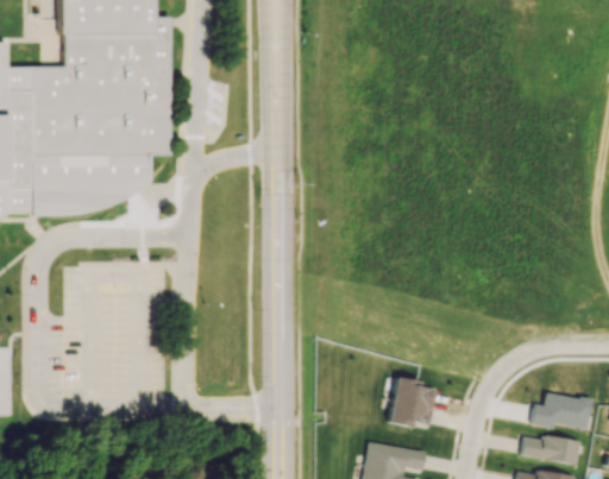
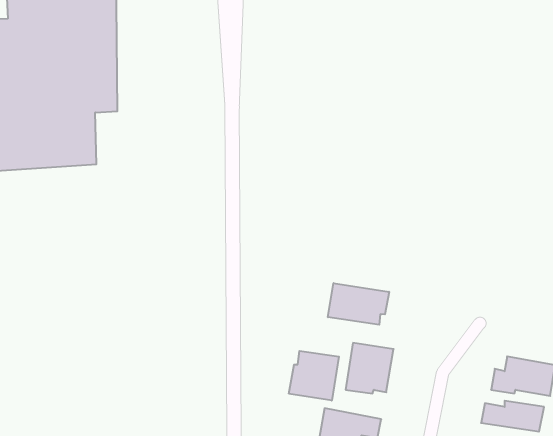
building: none -> [328,283,389,325]
building: none -> [289,351,339,401]

